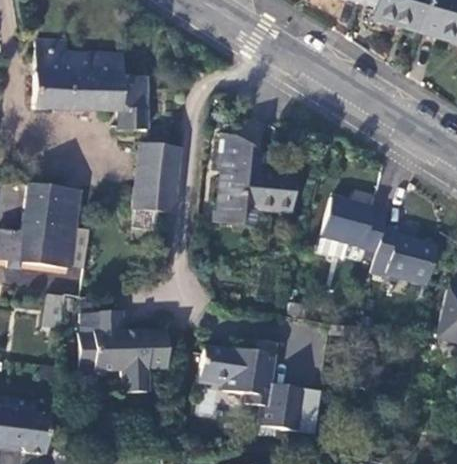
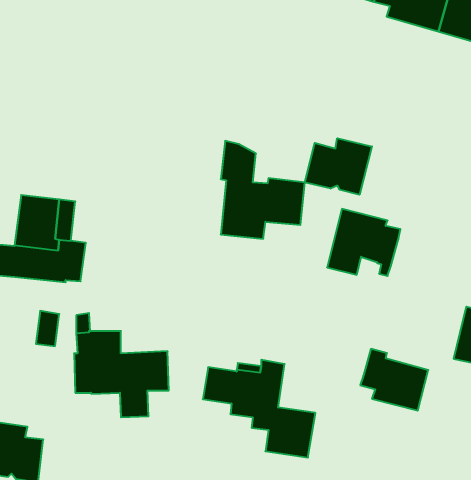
building: [33,40,147,130] -> none
building: none -> [305,138,372,195]
building: [131,144,179,228] -> none
building: [373,226,437,284] -> [360,349,428,411]

